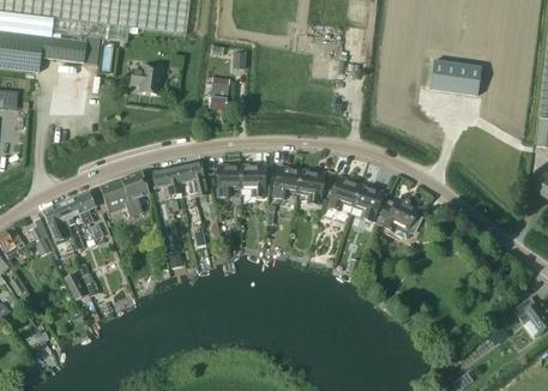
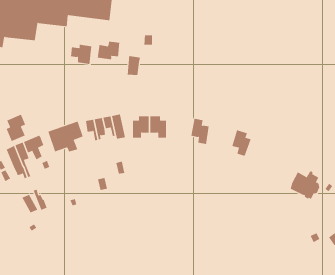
building: [430,60,482,95] -> none
building: none -> [97,41,120,60]
building: none -> [6,114,26,142]
building: [273,166,302,199] -> none
building: [329,178,361,210] -> none
building: [378,198,420,237] -> [290,171,320,199]

